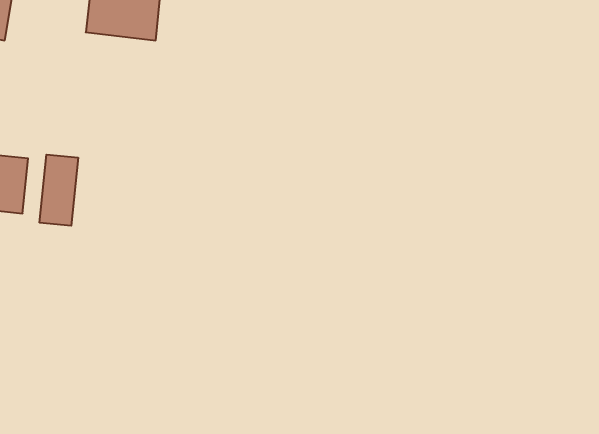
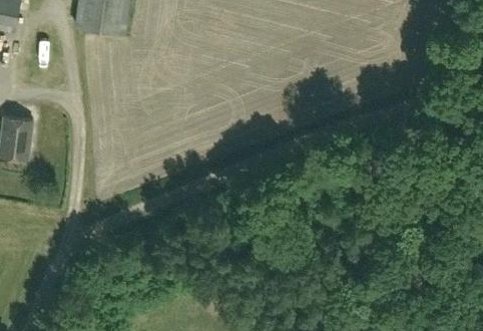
building: [40,155,78,226] -> none

